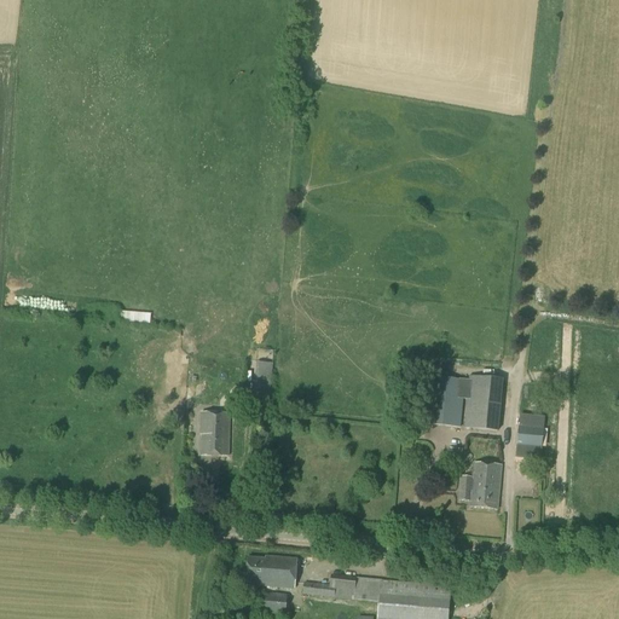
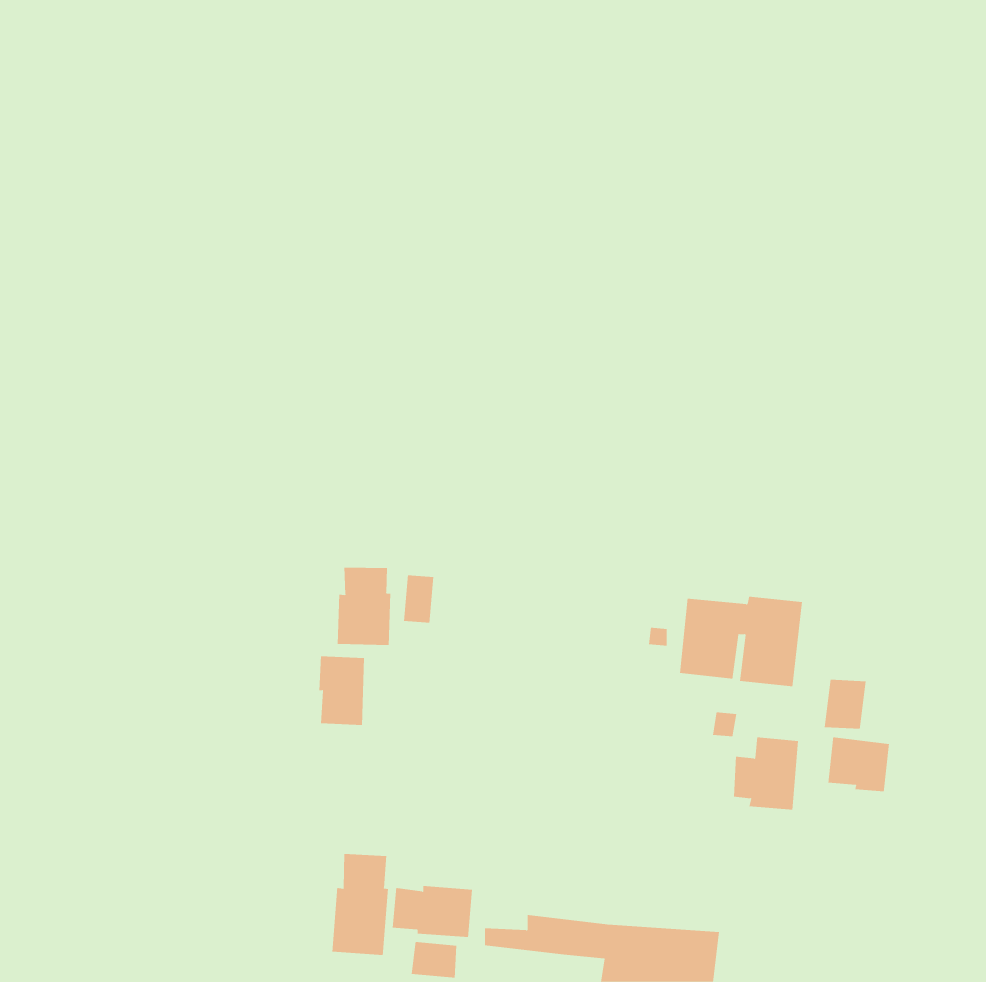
building: none -> [337,567,391,646]
building: none -> [828,737,890,792]
building: none -> [332,853,388,956]

